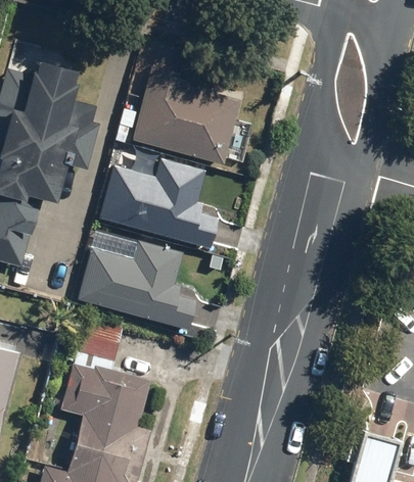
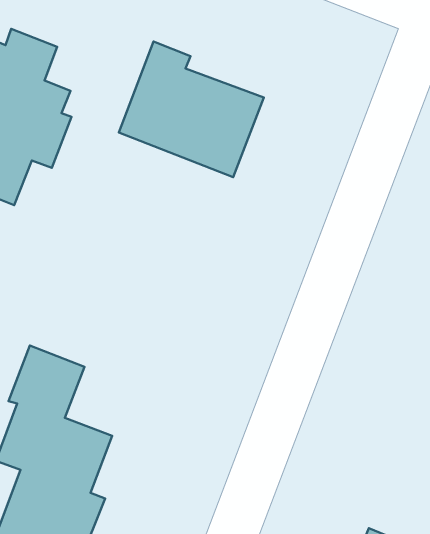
building: [99,158,219,247] -> none
building: [78,240,195,329] -> none

